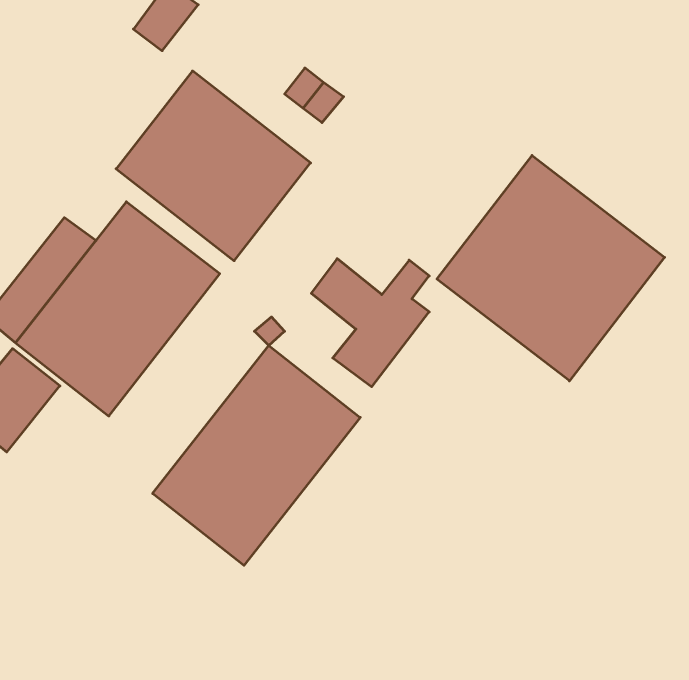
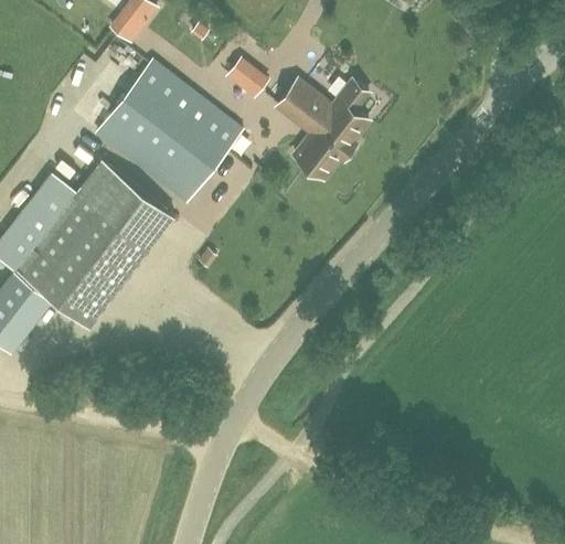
building: [437,155,665,381] -> none
building: [311,259,429,387] -> [276,81,366,179]
building: [153,346,360,565] -> none

